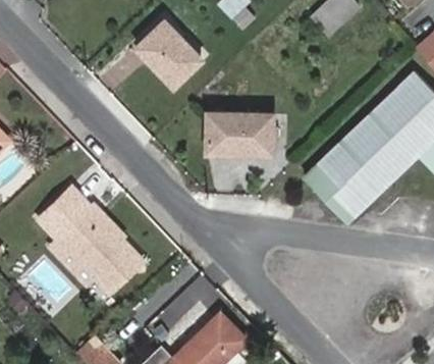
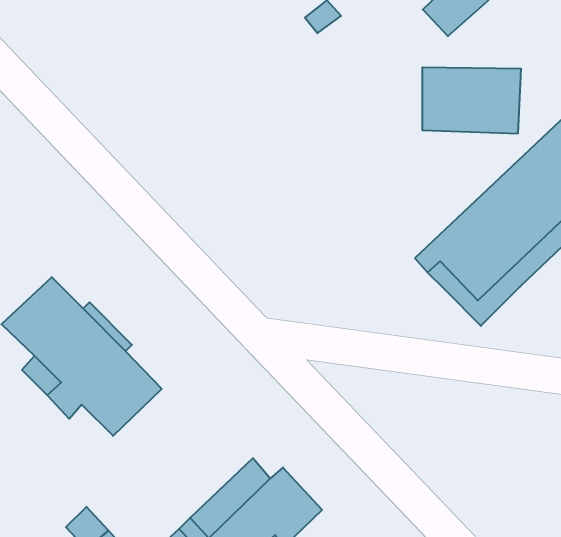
building: [135,20,202,87] -> none
building: [207,112,271,155] -> [422,67,521,133]

